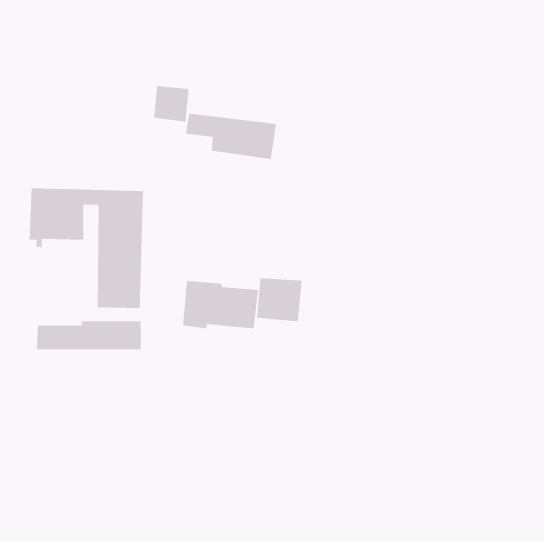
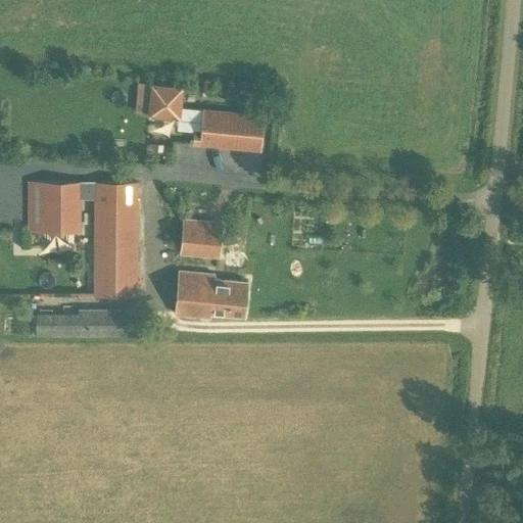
building: none -> [179,219,223,259]
building: [256,277,302,322] -> none

